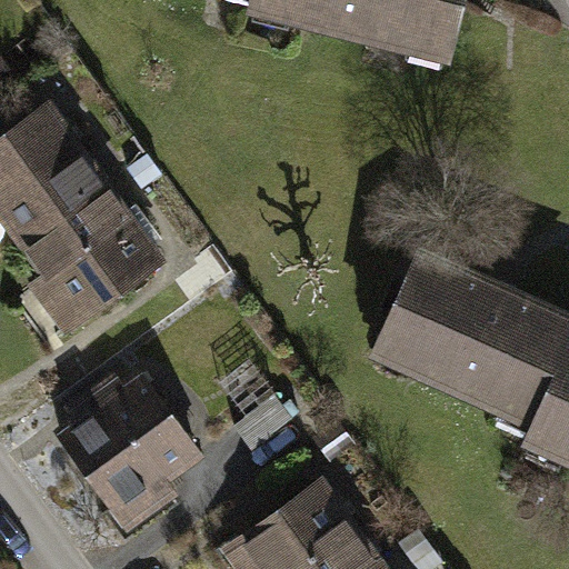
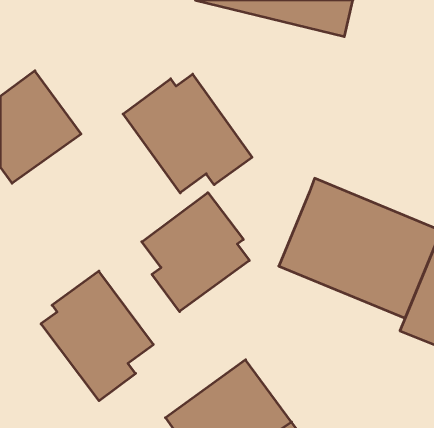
building: none -> [123,74,252,193]
building: [18,184,166,339] -> none
building: none -> [142,193,249,312]

